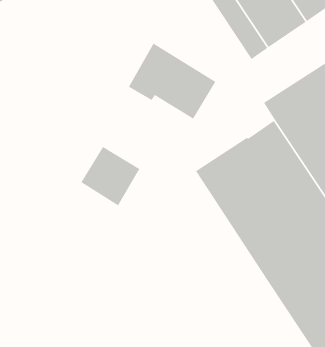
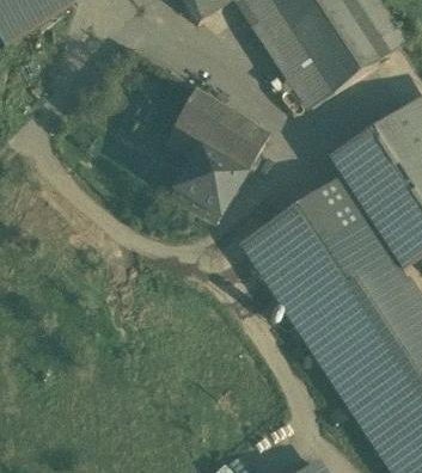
building: [81,146,141,206] -> [169,150,240,222]

